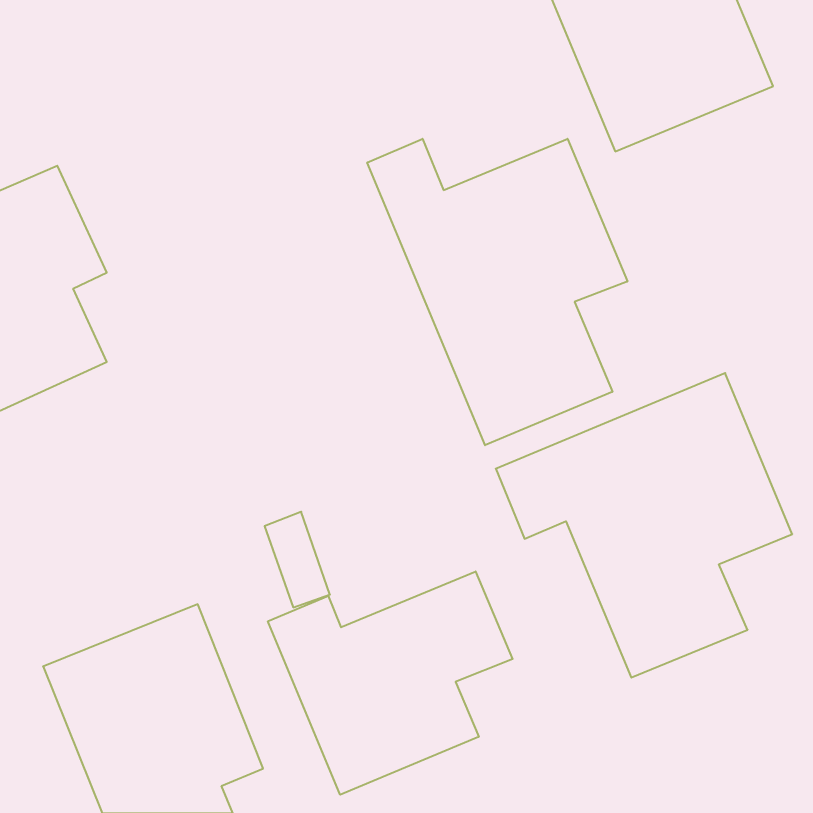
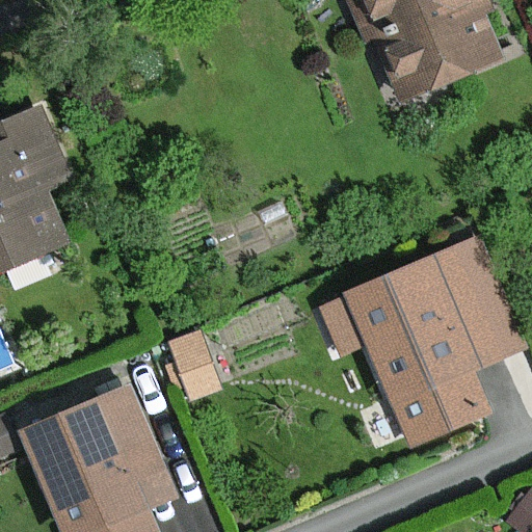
building: [367,139,627,445] -> none
building: [268,571,513,795] -> none

